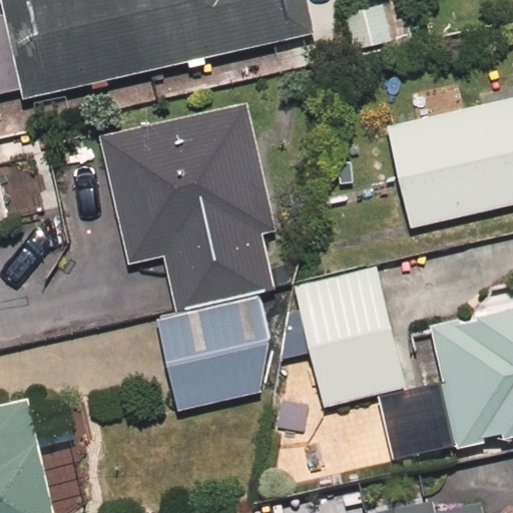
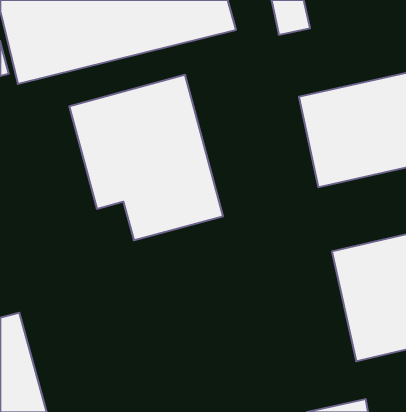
building: [288,251,410,406] -> none
building: [155,284,283,418] -> none

